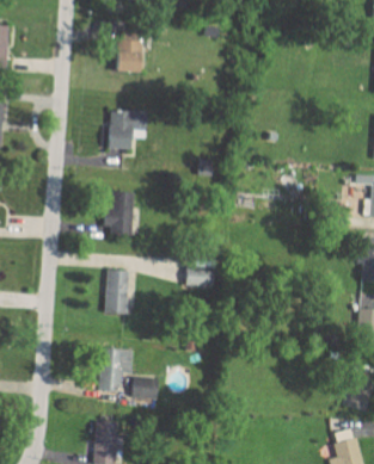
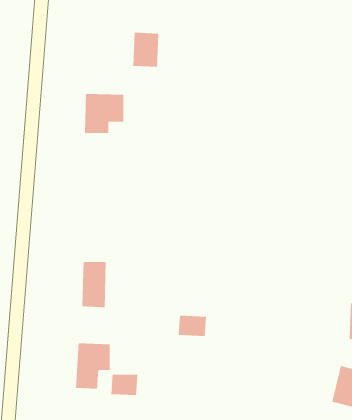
building: [117,38,142,72] -> [133,32,159,67]
building: [104,191,134,234] -> none
building: [185,266,213,286] -> [178,315,207,336]

